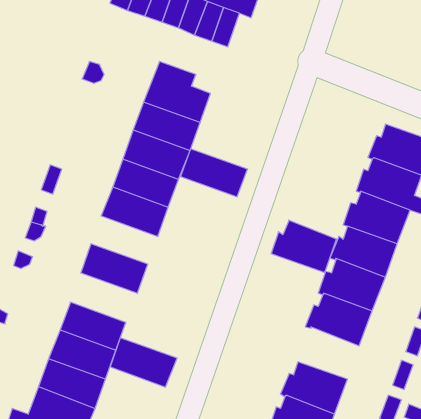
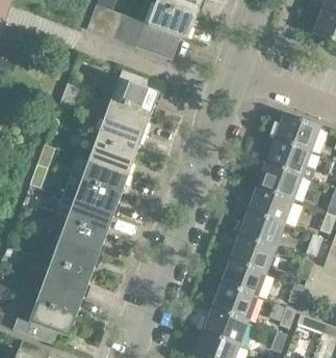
building: [180,149,248,197] -> [73,180,121,214]
building: [271,220,337,273] -> [217,258,264,296]
building: [110,338,177,387] -> [58,220,106,255]

